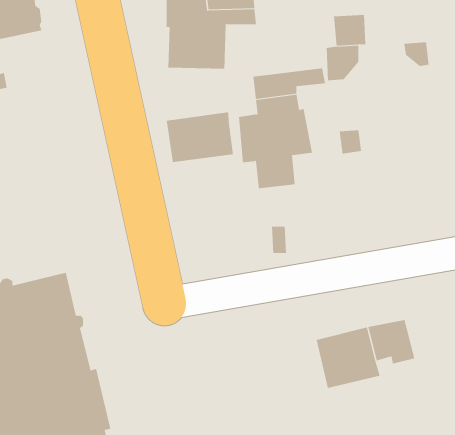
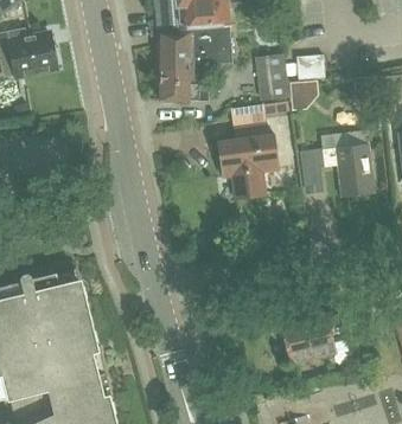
building: none -> [255,51,286,99]
building: [166,111,233,163] -> none
building: none -> [321,144,374,197]

